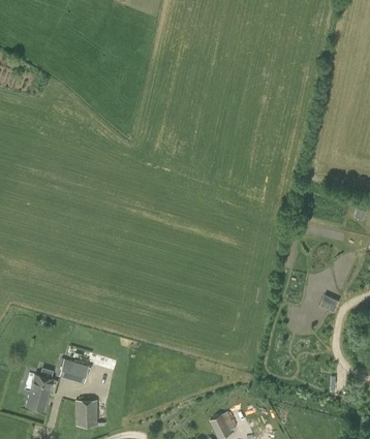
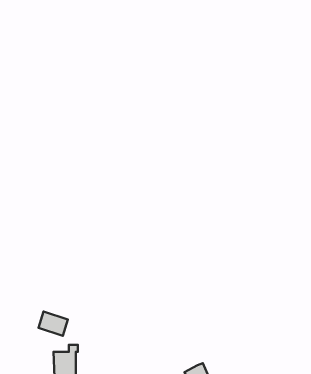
building: [28,375,52,410] -> none

